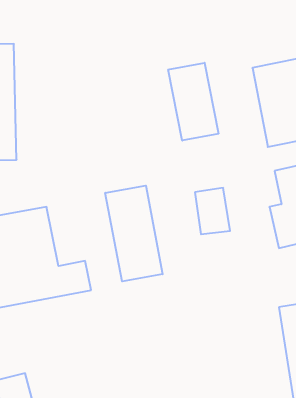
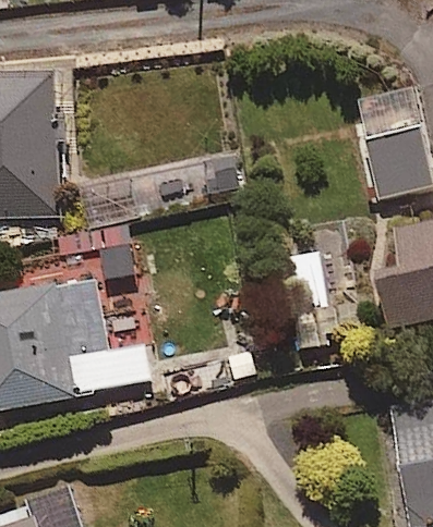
building: [168,63,218,141] -> none
building: [105,186,163,281] -> none

